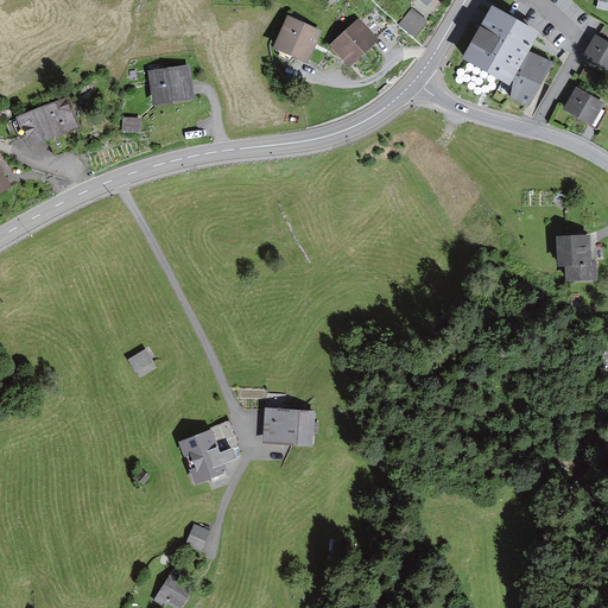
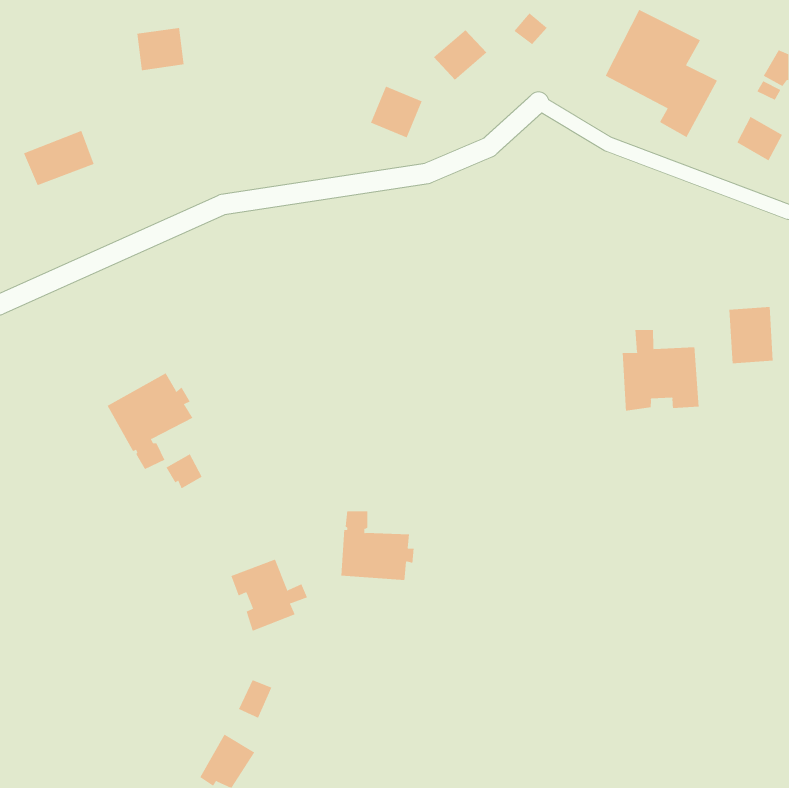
building: [276,19,316,59] -> [370,86,423,138]
building: [152,68,189,101] -> [136,27,184,71]
building: none -> [622,329,699,411]
building: none -> [107,372,193,470]

